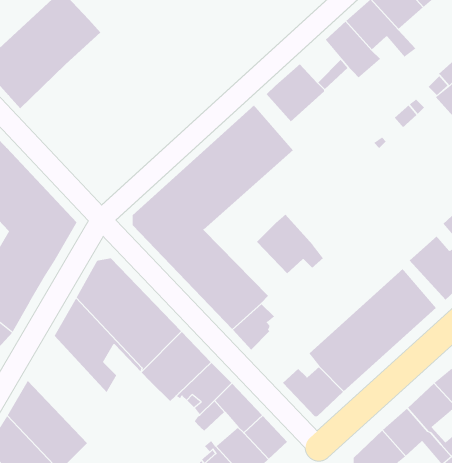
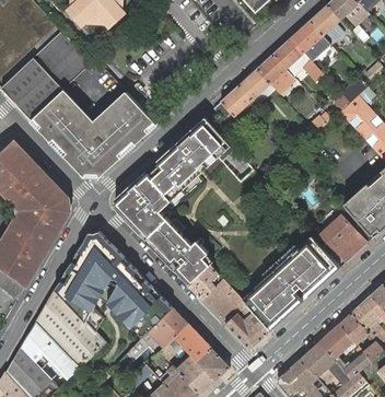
building: none -> [237,69,268,101]
building: none -> [30,87,155,174]
building: [256,214,324,274] -> [201,279,252,324]
building: none -> [35,289,105,369]

